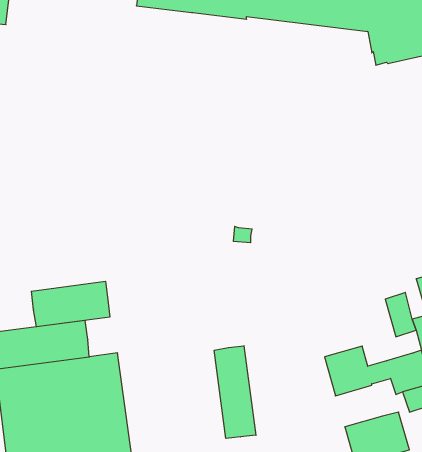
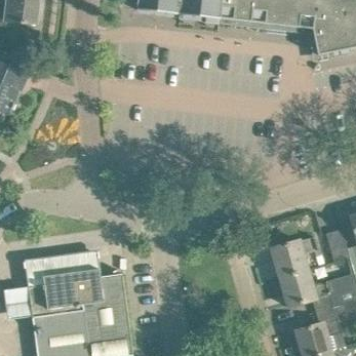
building: [31,281,110,327] -> none
building: none -> [271,236,317,277]
building: [214,346,256,438] -> none

